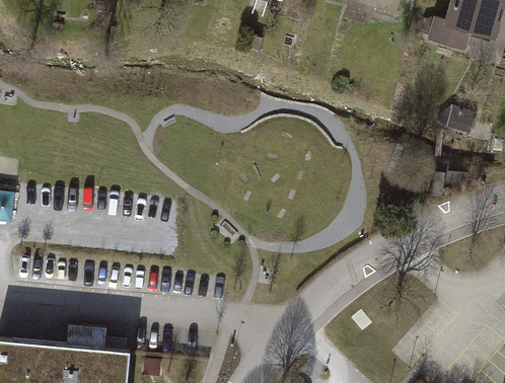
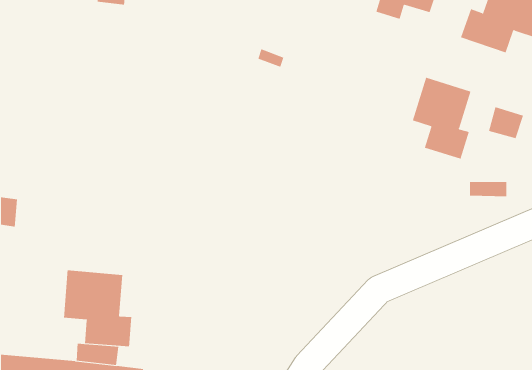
building: none -> [412,77,471,160]
building: none -> [63,270,132,347]

